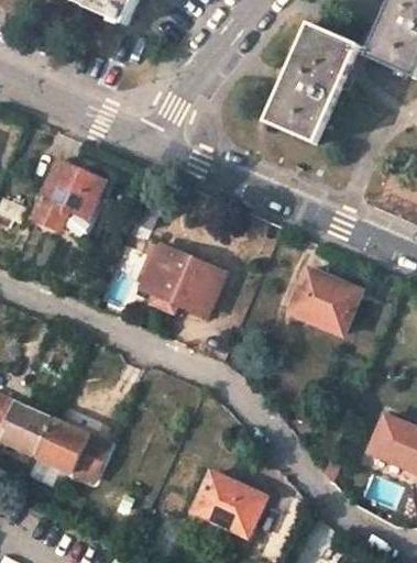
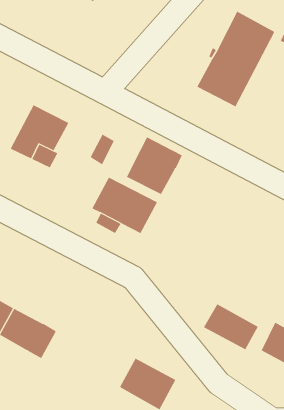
building: none -> [126,137,182,195]
building: [288,266,359,334] -> none
building: none -> [203,304,258,350]

